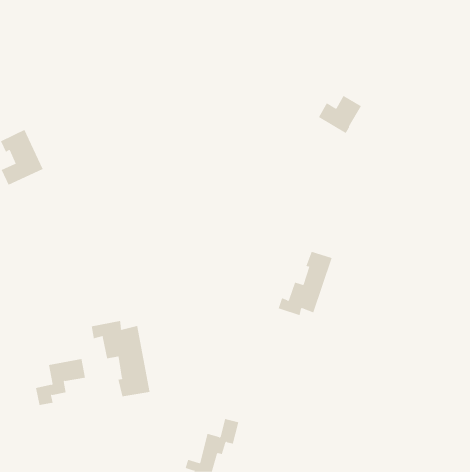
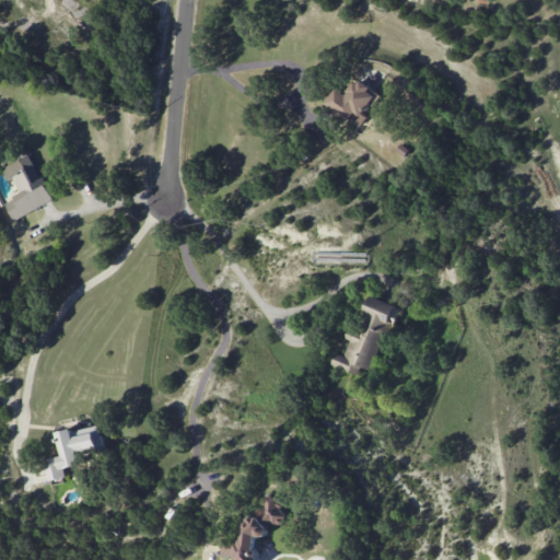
building: [318,95,362,134] -> [325,79,376,125]
building: [91,320,150,397] -> none

